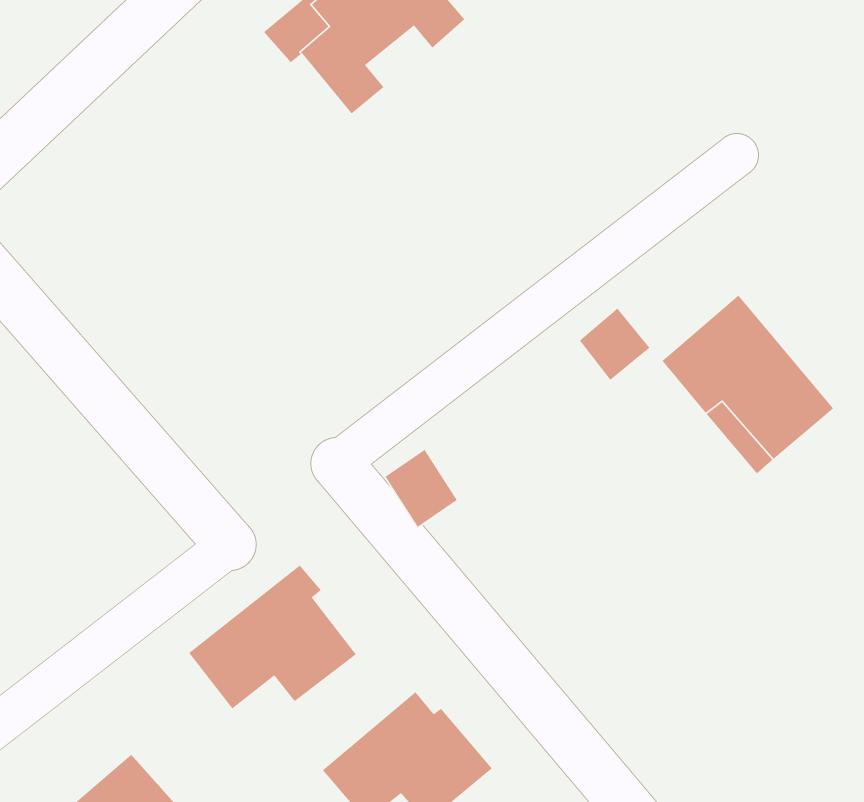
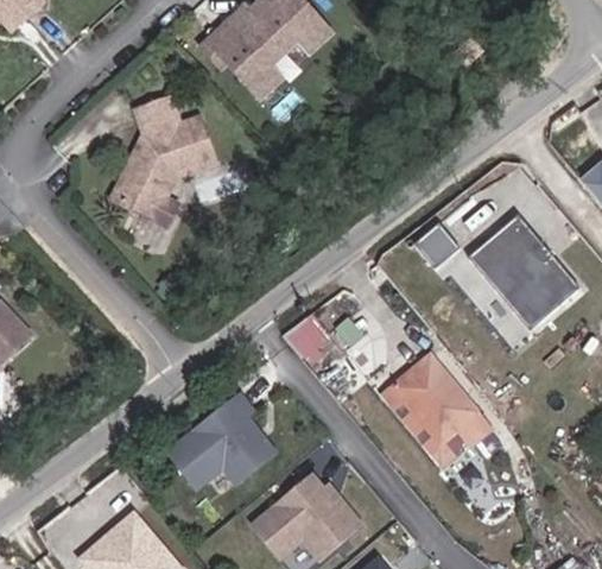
building: none -> [118,100,223,236]
building: none -> [389,355,499,469]

